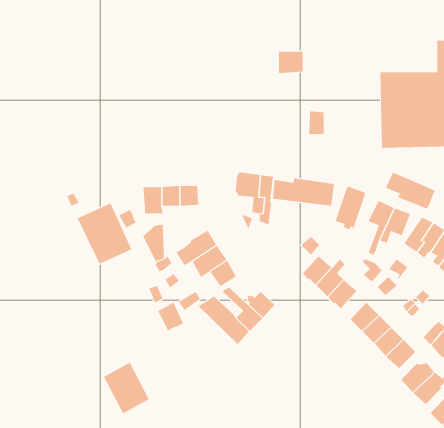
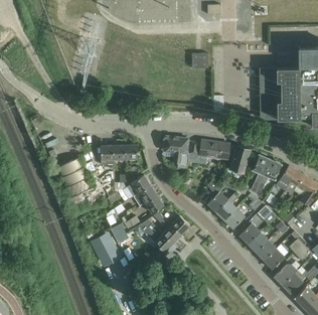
building: [385,172,436,210] -> none
building: [103,362,150,414] -> [90,231,121,267]

